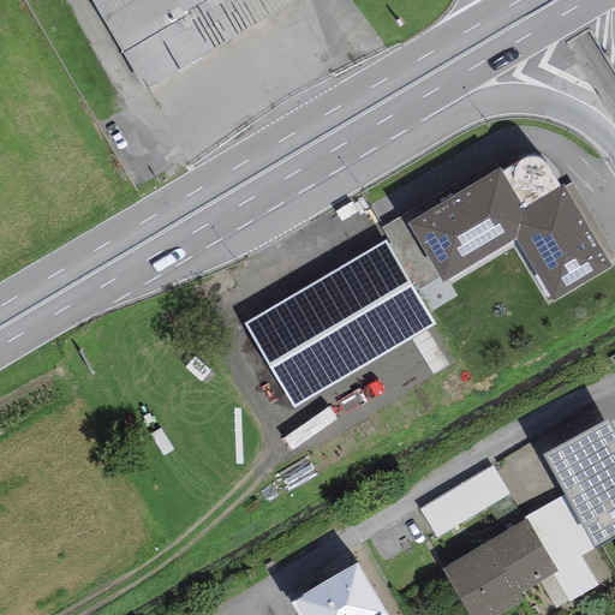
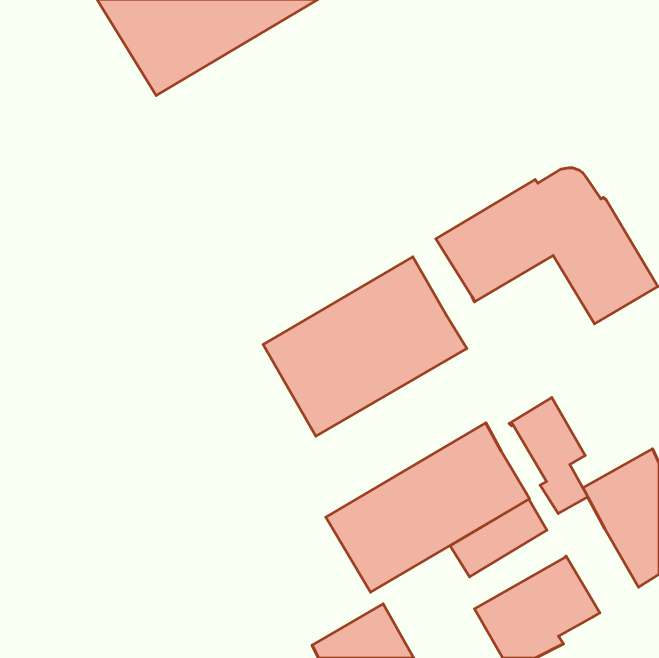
building: [381,216,440,293] -> none
building: none -> [326,423,530,592]
building: [524,492,597,601] -> [509,398,588,514]

